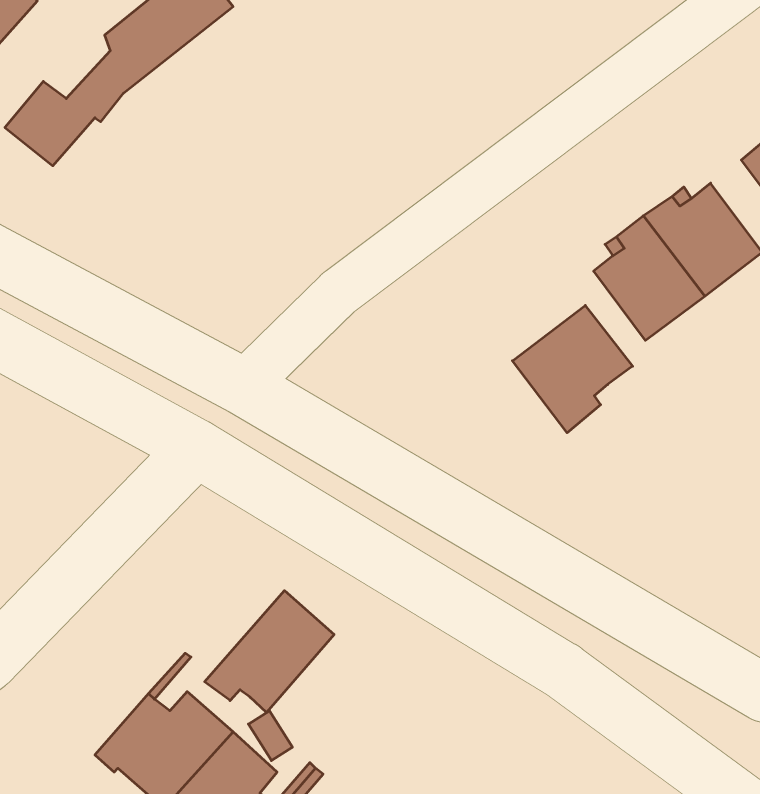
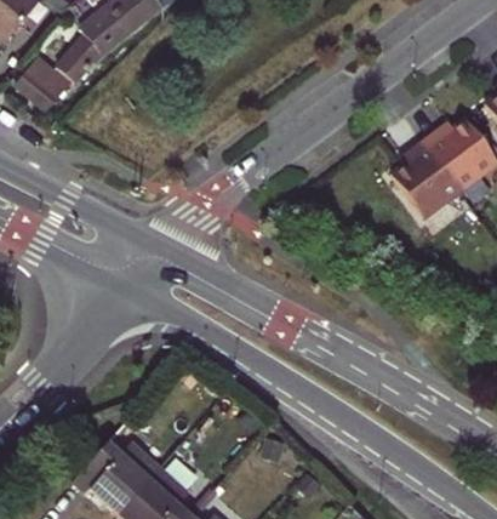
building: [512,305,633,433] -> none
building: [205,591,334,713] -> none

